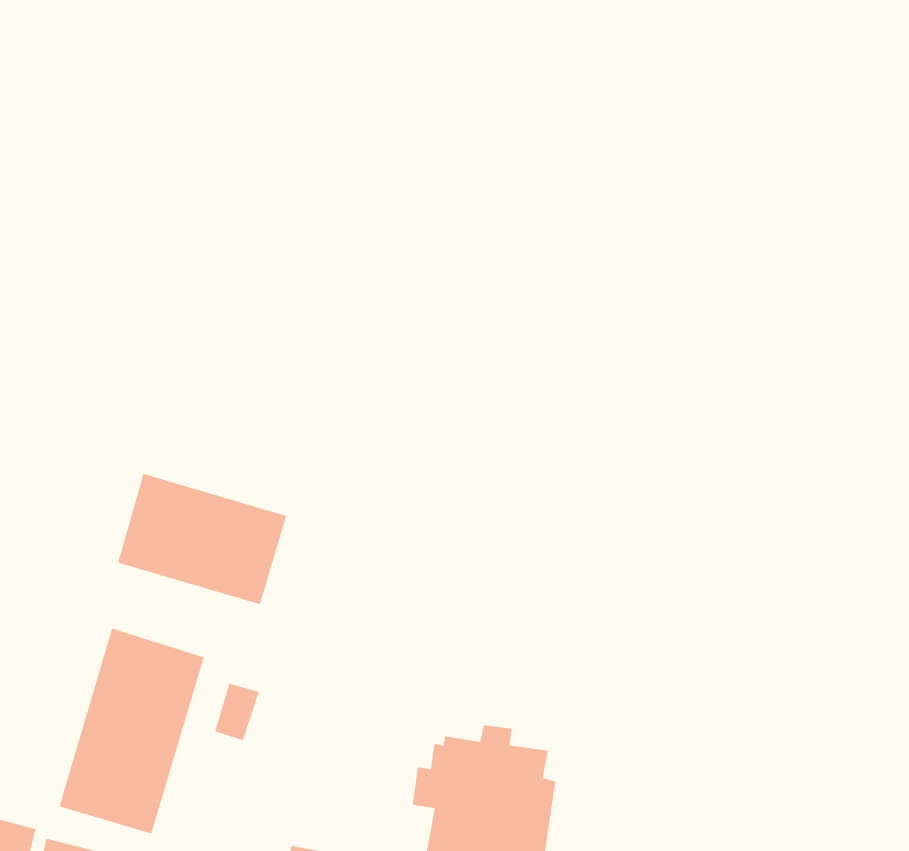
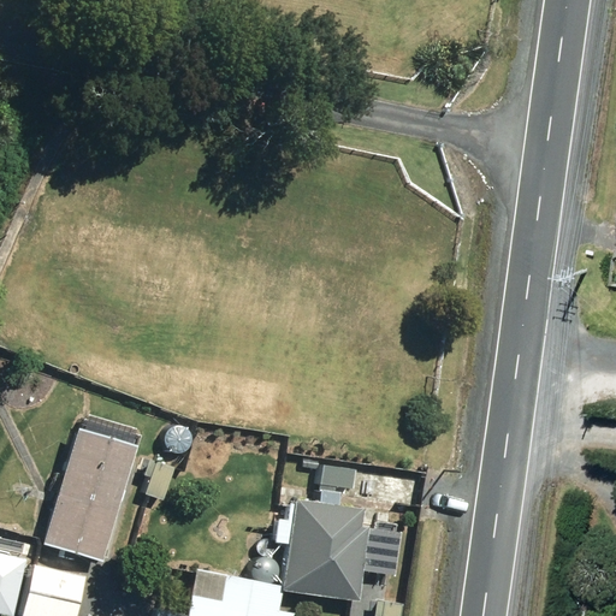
building: [117,473,287,605] -> none

